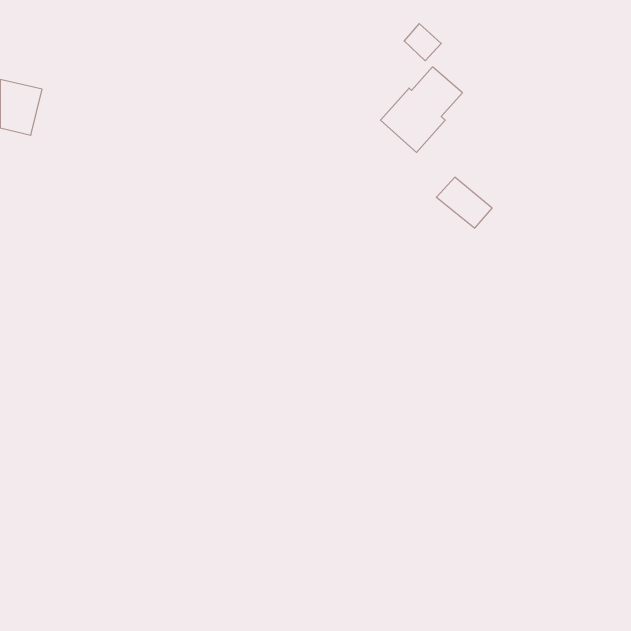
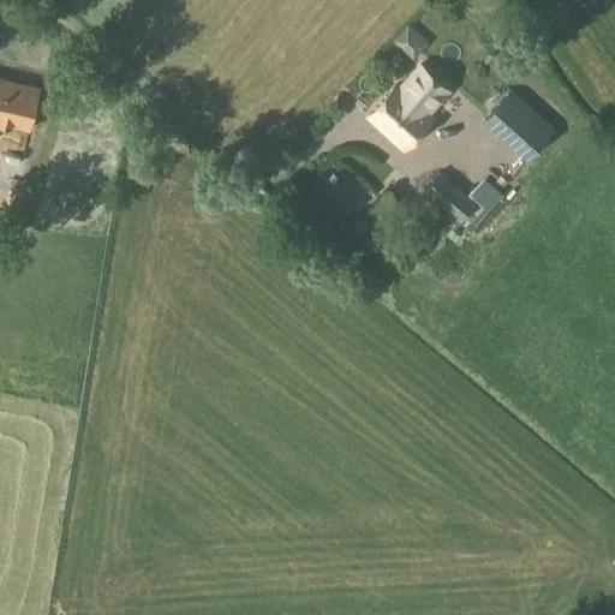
building: none -> [486,91,556,159]

